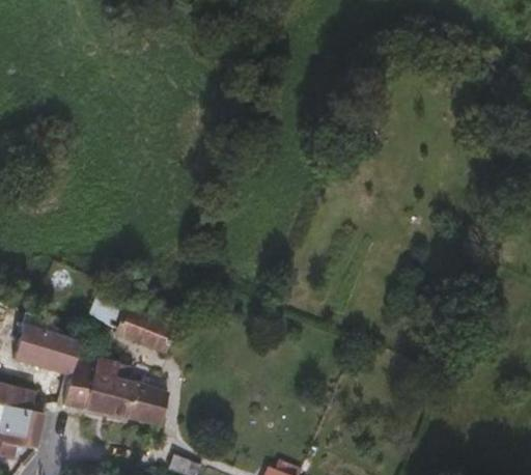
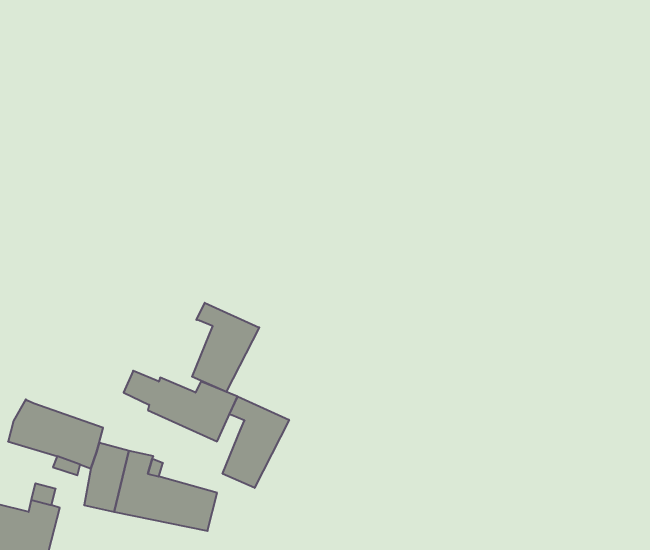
building: none -> [192,303,259,392]
building: none -> [223,397,289,488]

